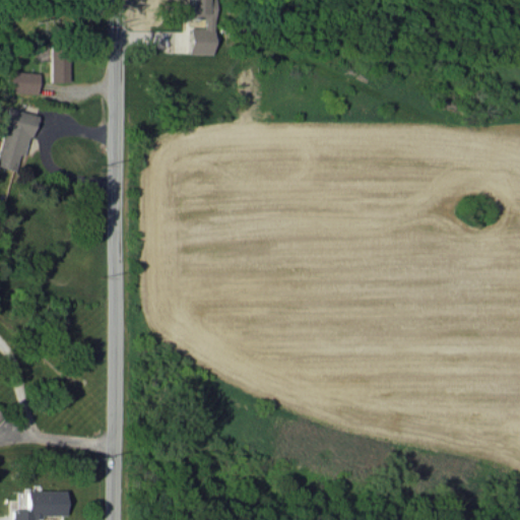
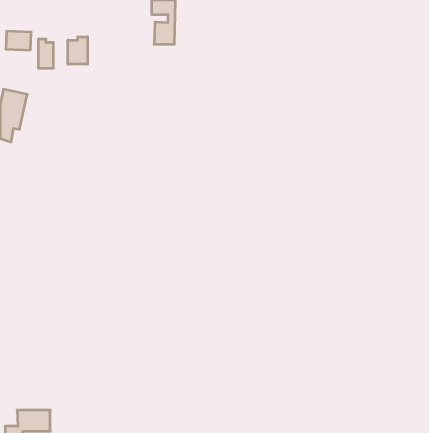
building: none -> [68,37,88,64]
building: [11,72,42,94] -> [6,31,31,50]

